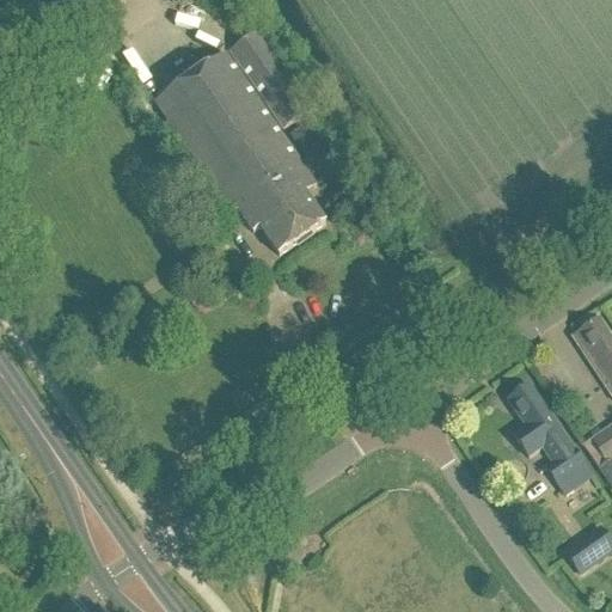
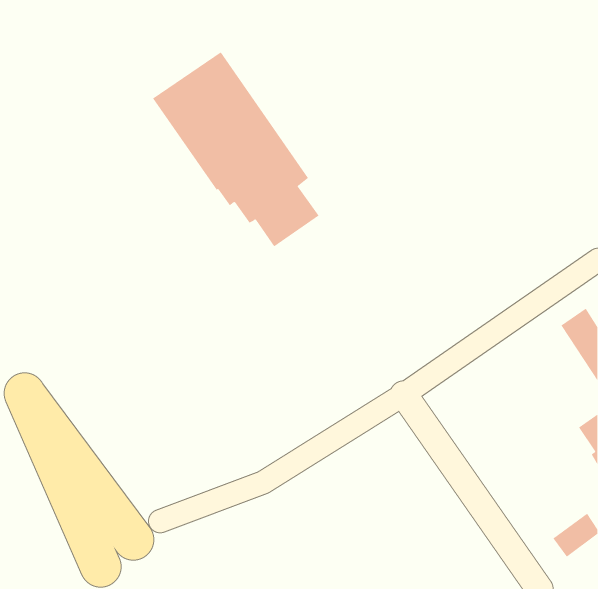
building: [227,27,304,126] -> none
building: [507,381,585,481] -> none

